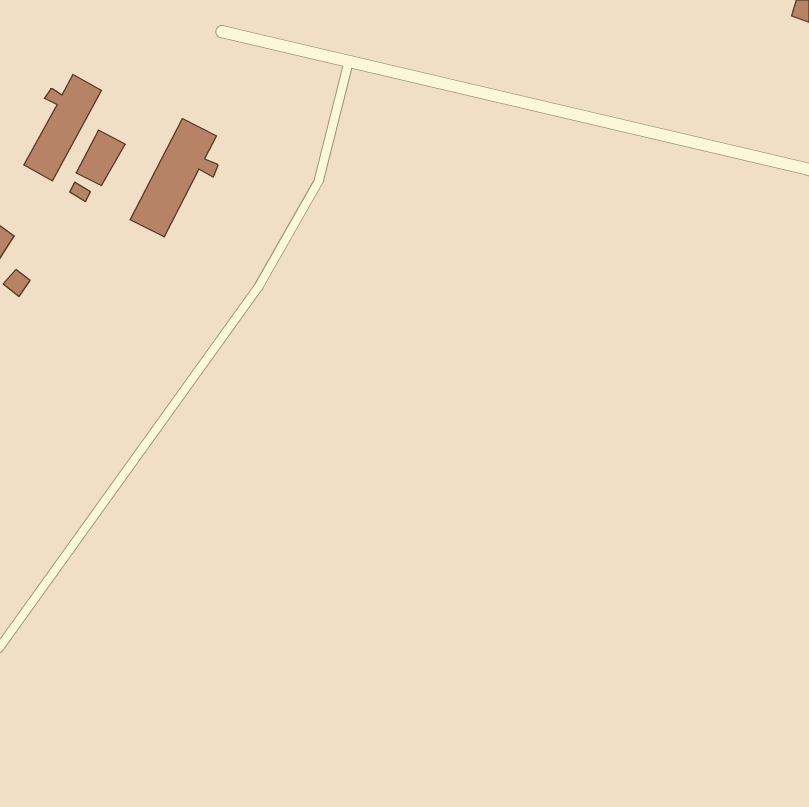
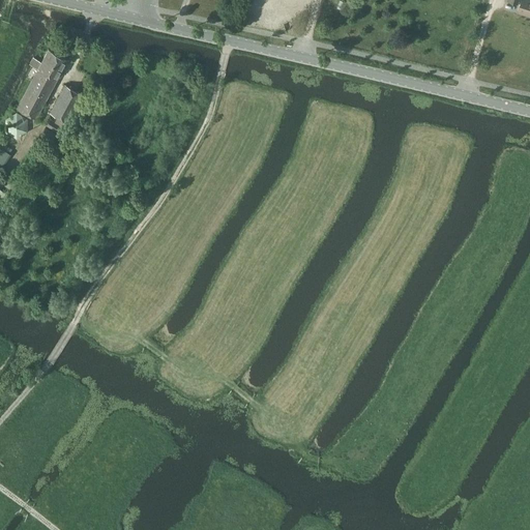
building: [130,119,218,237] -> none

